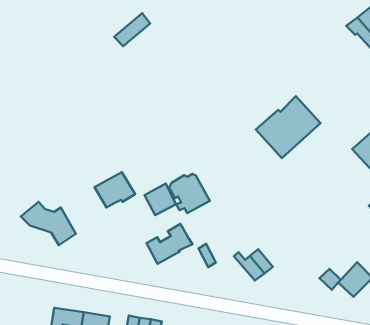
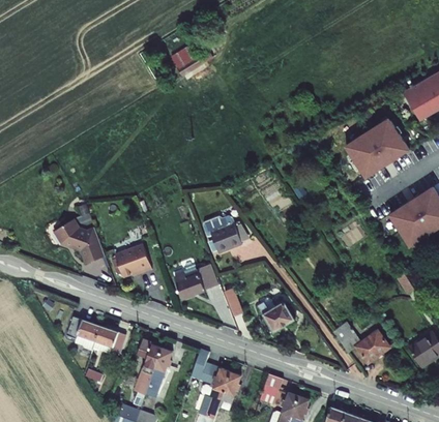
building: [256,96,321,158] -> [344,120,408,178]
building: [95,172,135,208] -> [112,239,150,271]
building: [144,183,176,215] -> none

